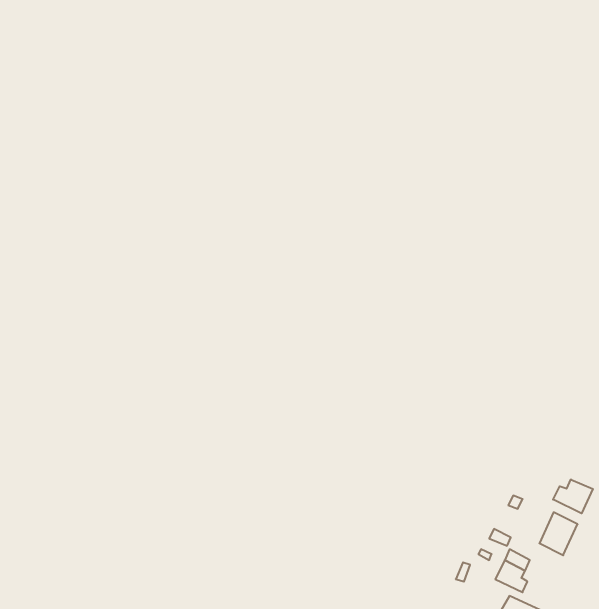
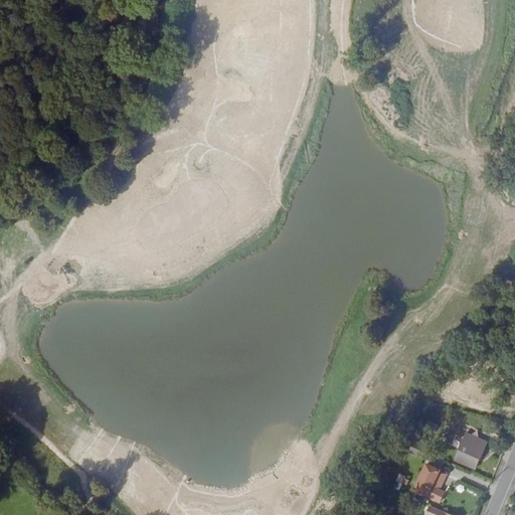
building: [553,479,593,513] -> none

